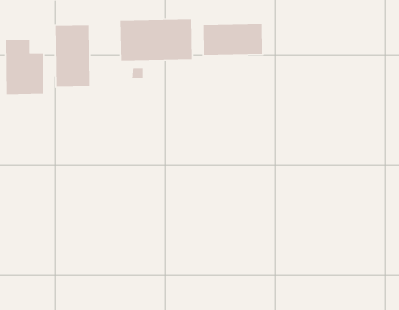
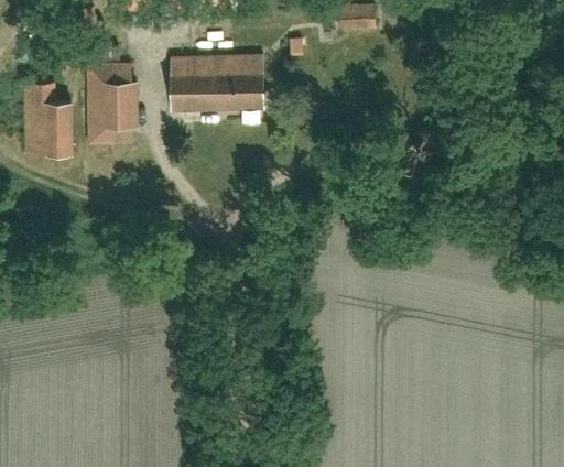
building: [203,23,263,56] -> none

